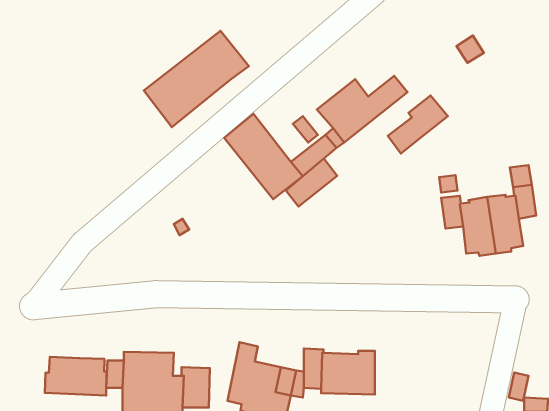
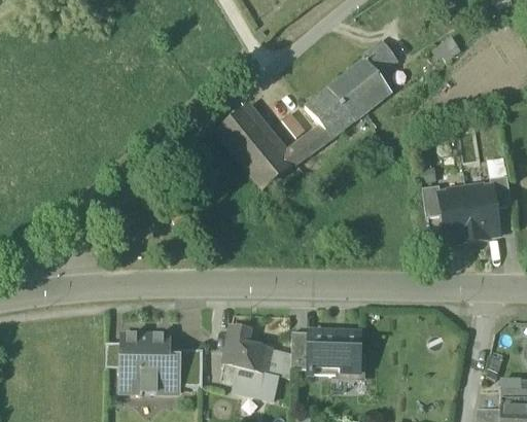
building: [144,31,249,127] -> none
building: [388,96,448,153] -> [341,37,397,92]
building: [286,159,337,206] -> none
building: [45,357,106,395] -> none

